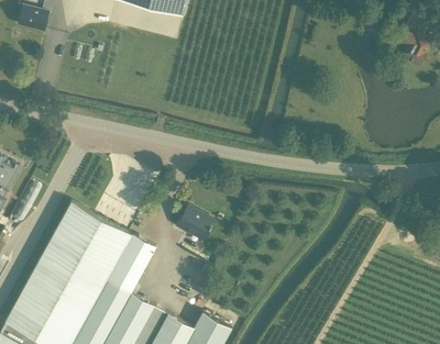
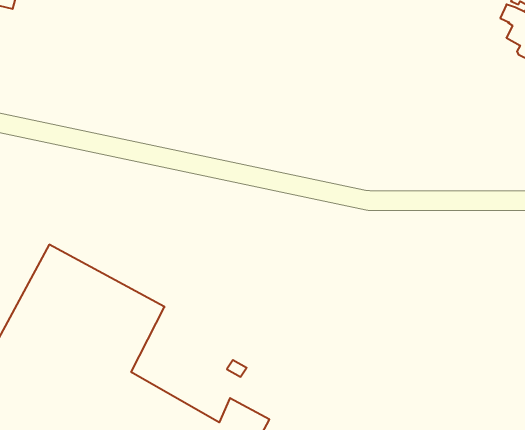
building: [177,208,216,240] -> none

